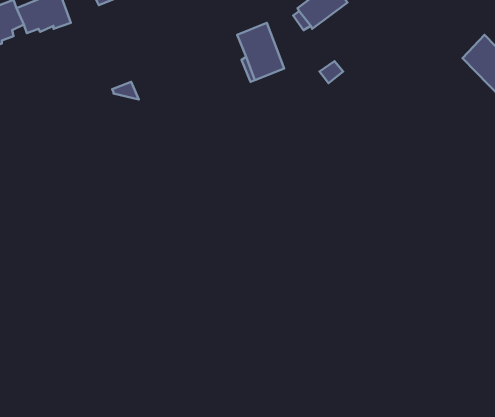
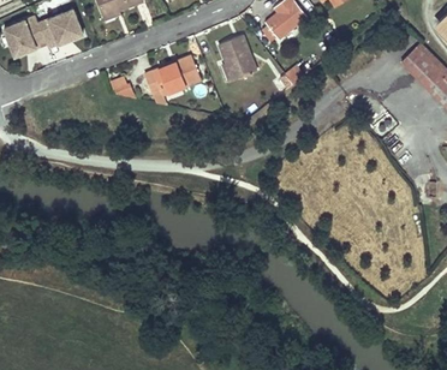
building: none -> [144,55,201,95]

